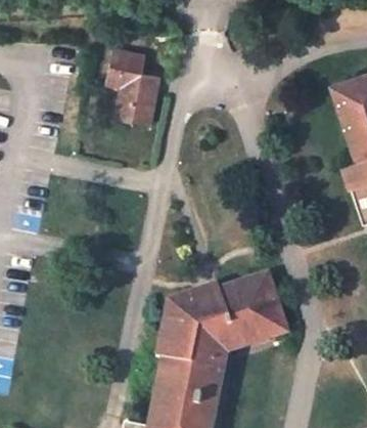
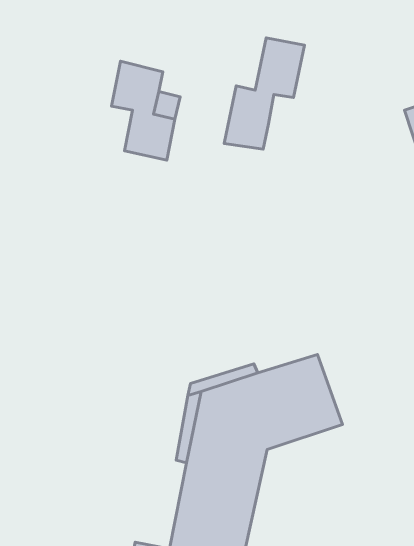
building: none -> [224,38,305,149]

